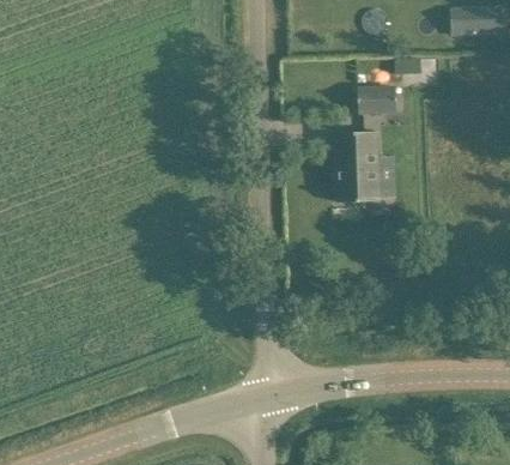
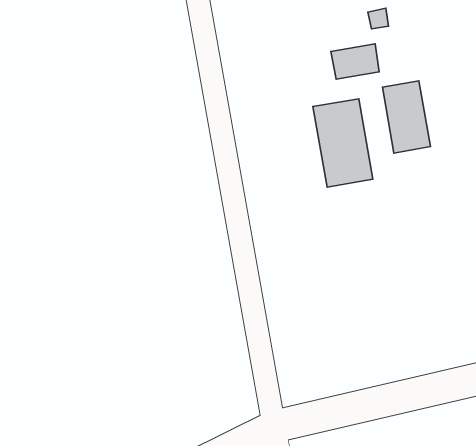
building: none -> [382,81,431,153]

